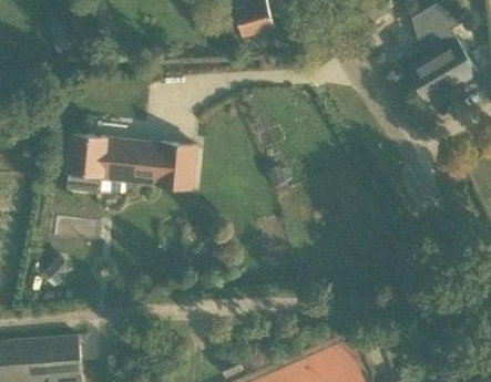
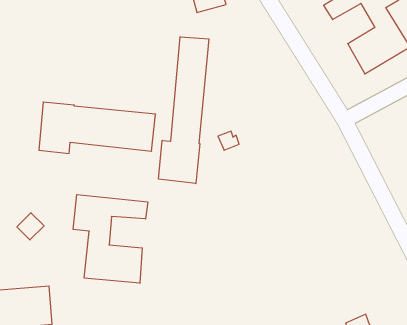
building: none -> [159,37,209,184]
building: none -> [73,195,148,283]

